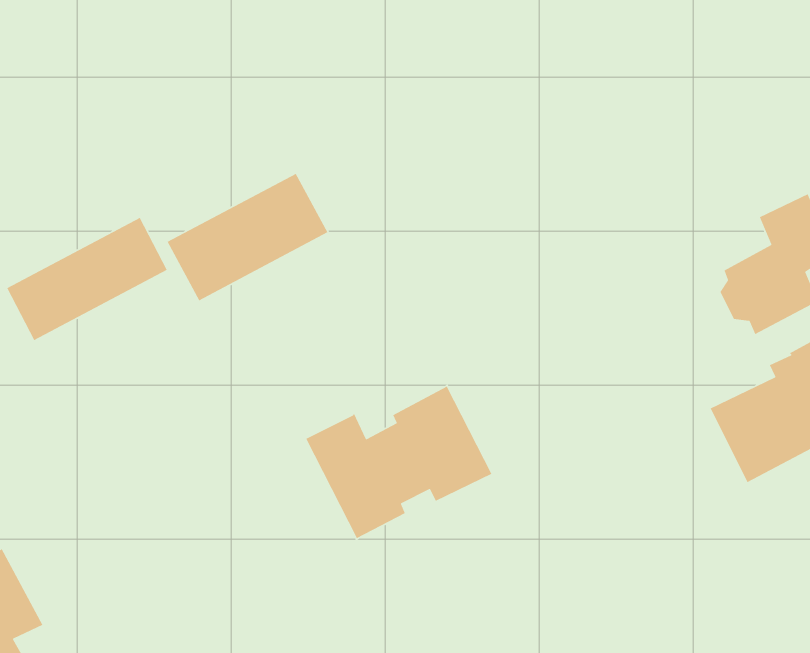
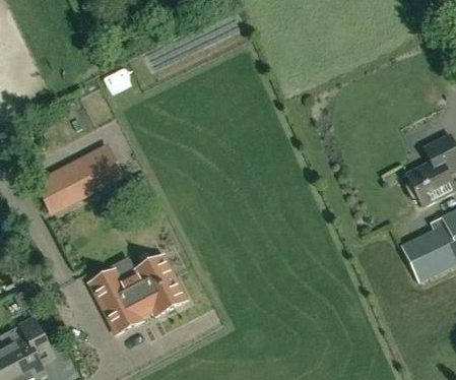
building: [167,173,329,301] -> none
building: [305,385,493,539] -> [89,255,186,334]

